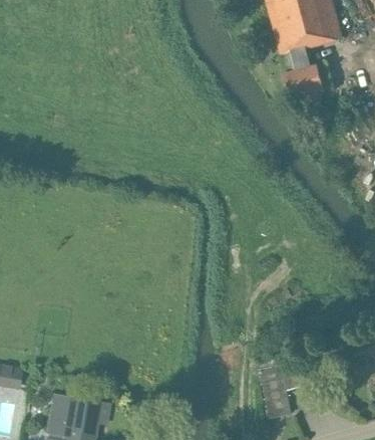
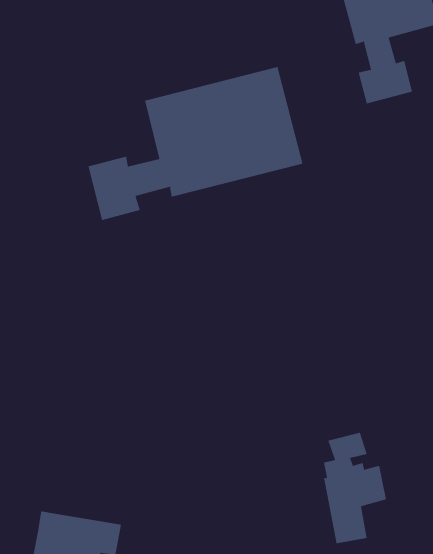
building: none -> [88,66,303,221]

